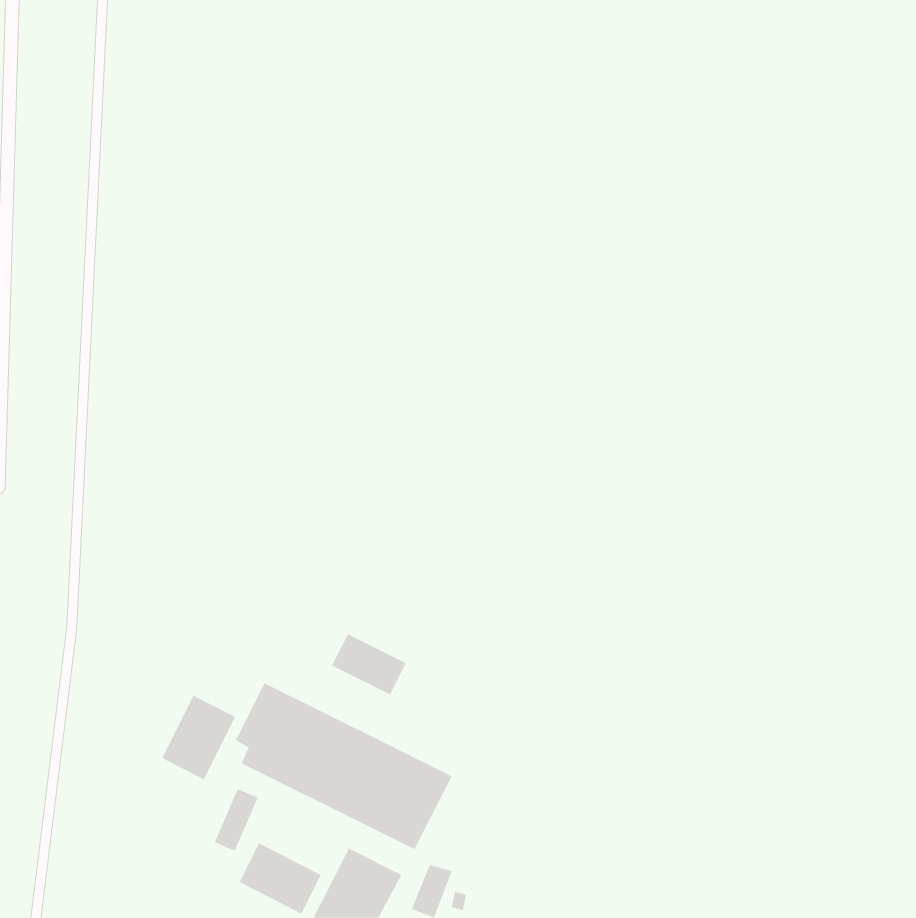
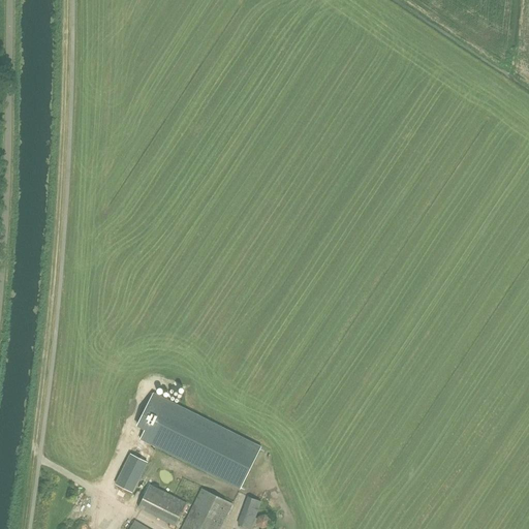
building: [331,634,407,695] -> none
building: [162,695,236,780] -> none

